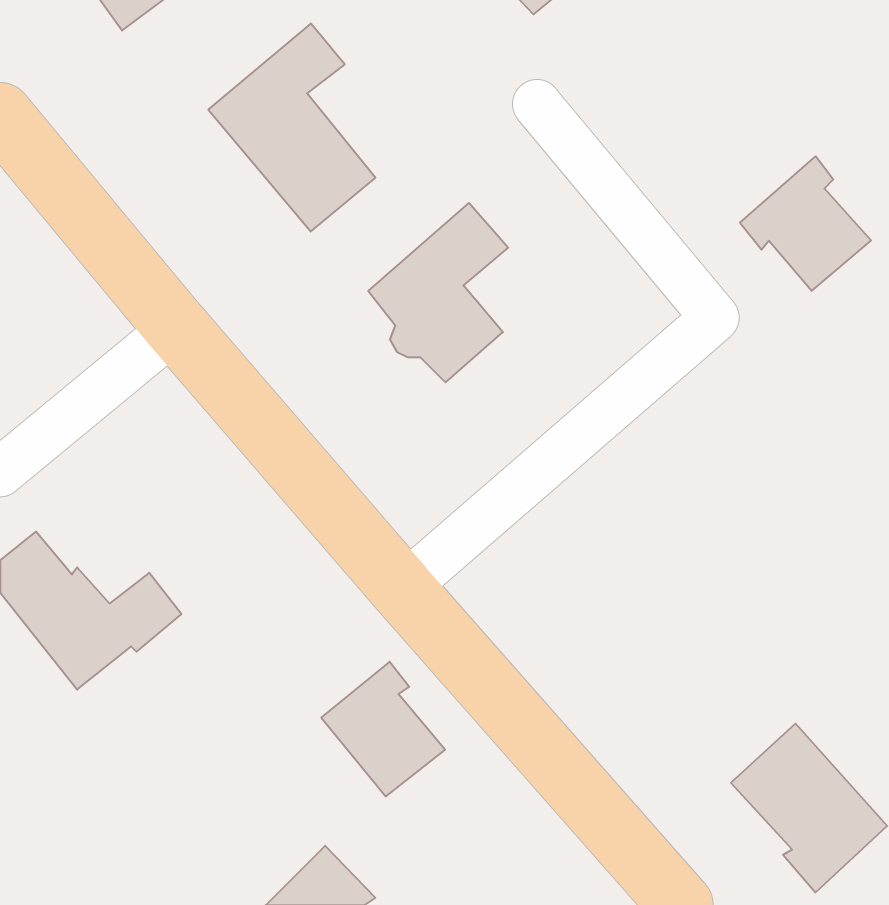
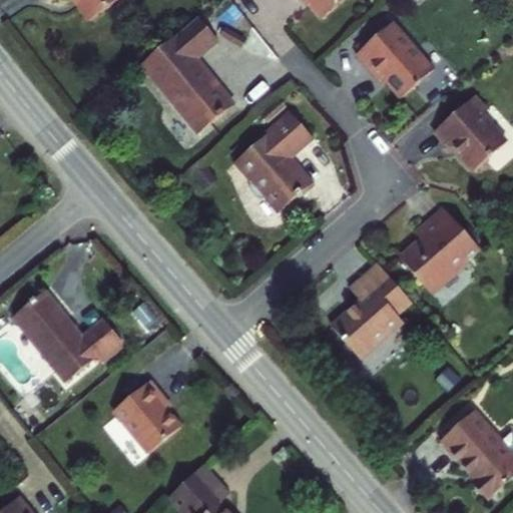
building: none -> [350,19,427,93]
building: none -> [394,200,474,287]
building: none -> [325,256,405,354]
building: [321,662,445,796] -> [106,386,175,461]

